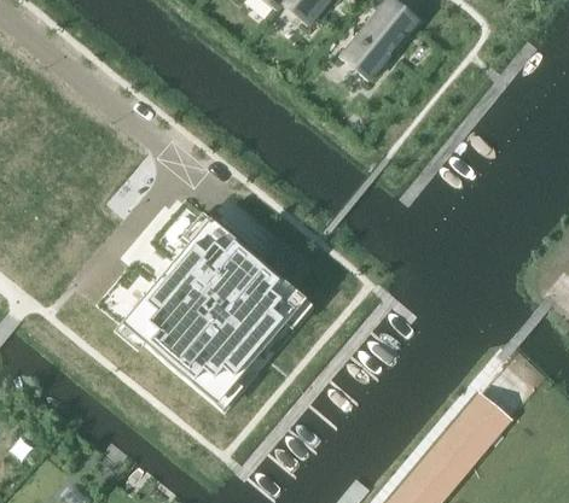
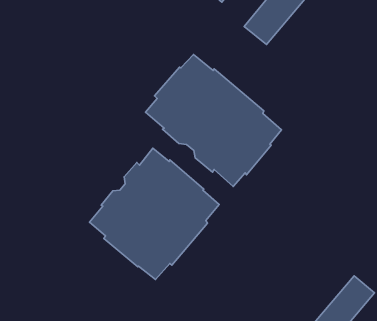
building: none -> [145,54,282,187]

